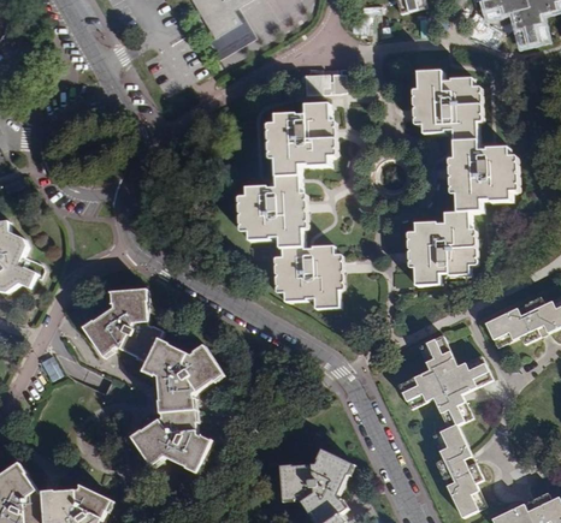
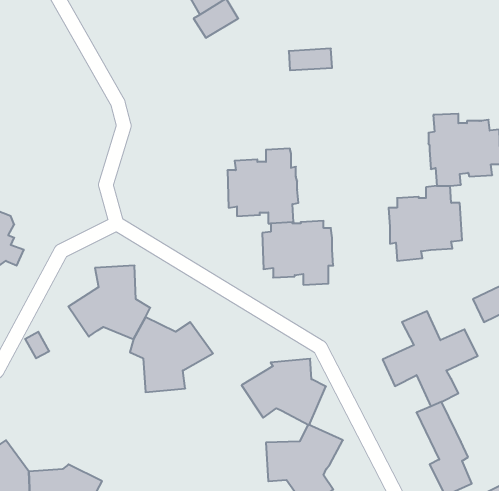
building: [407,67,480,138] -> none
building: [271,100,342,173] -> none
building: [130,411,214,477] -> [242,359,326,425]

